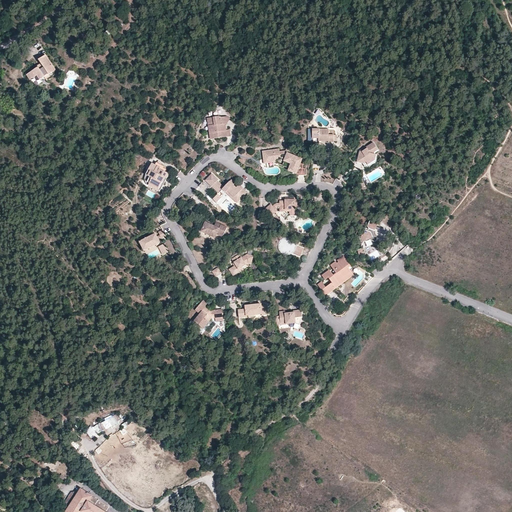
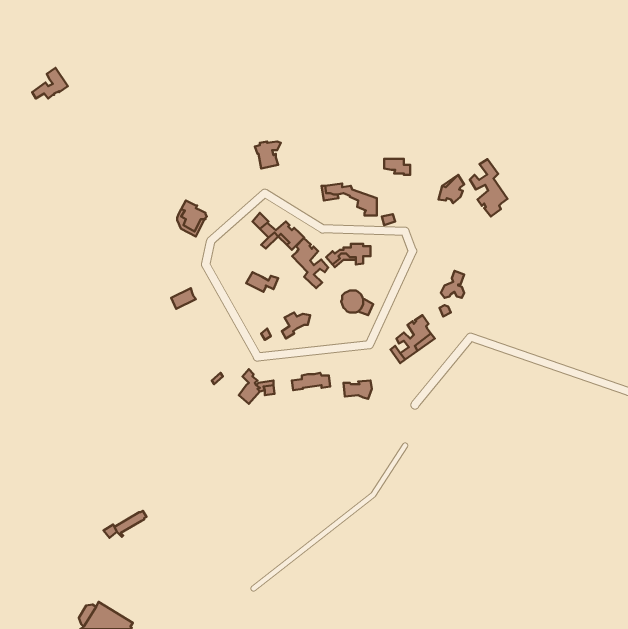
building: none -> [470,159,507,217]
building: none -> [292,238,328,288]

